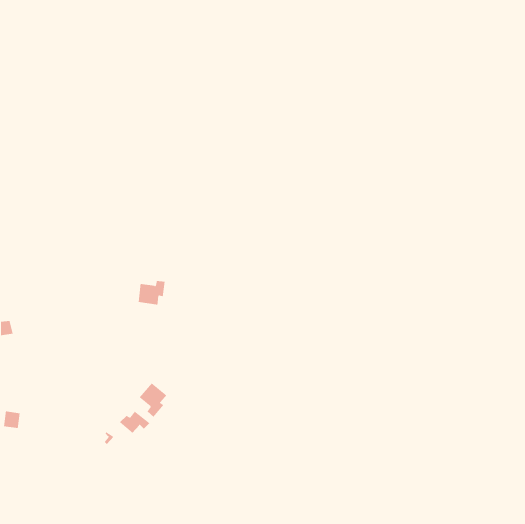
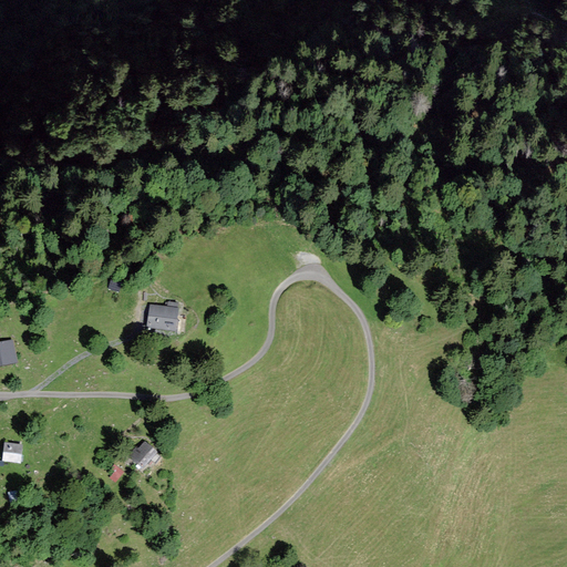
building: [139,382,167,417] -> none

